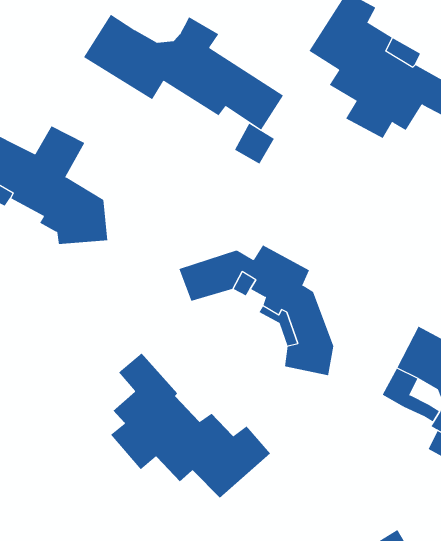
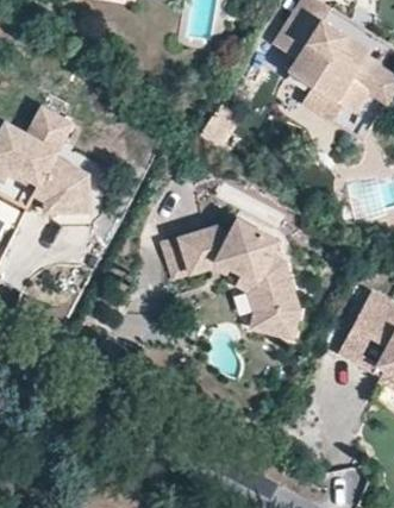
building: [83,14,284,130] -> none
building: [110,353,271,499] -> none

